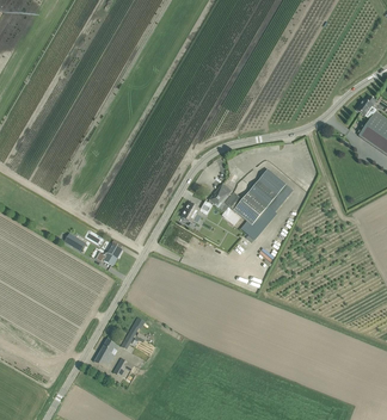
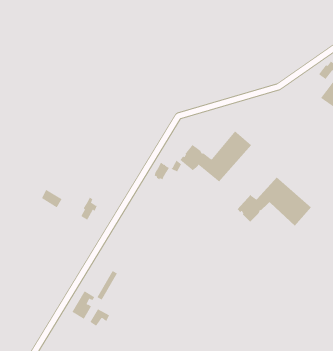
building: none -> [237,177,312,226]

